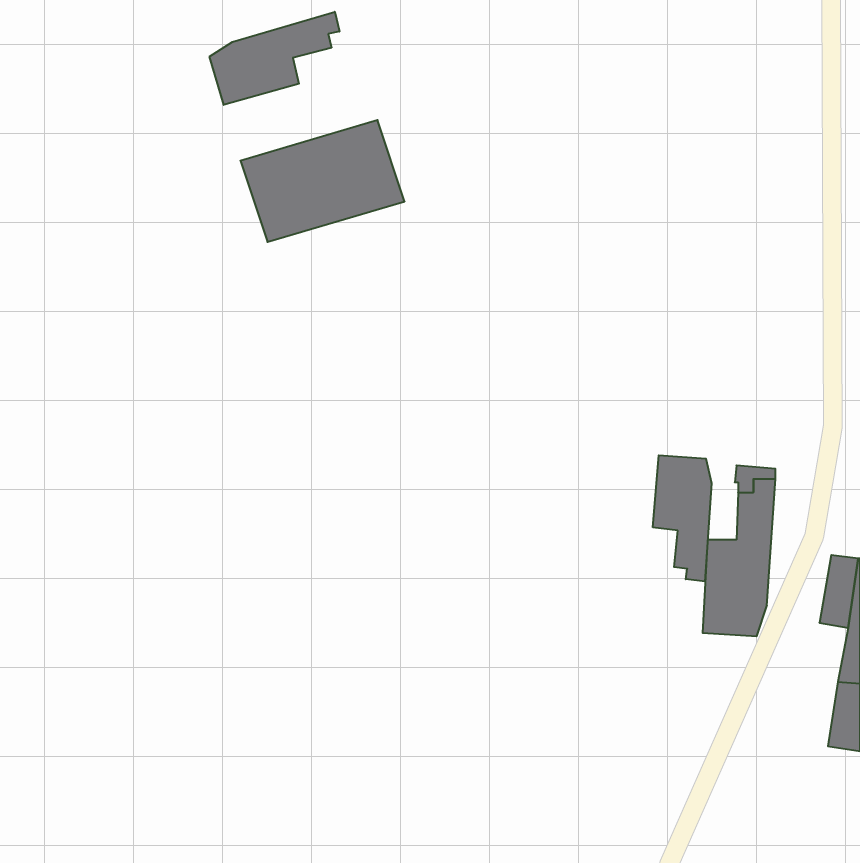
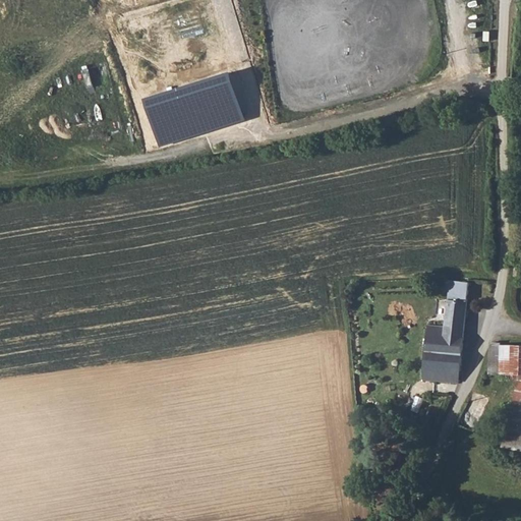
building: [210,12,339,105] -> none
building: [653,455,711,582] -> none

